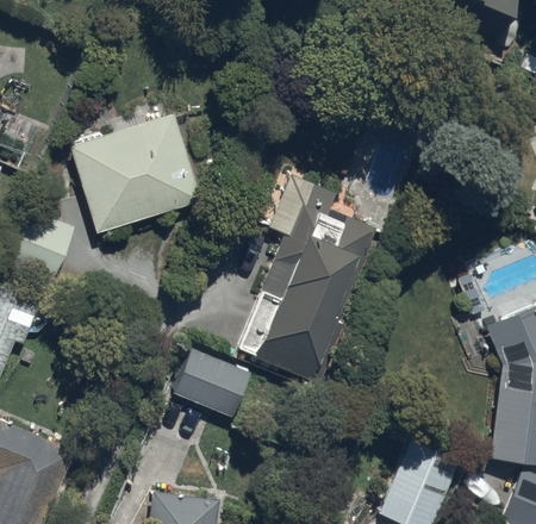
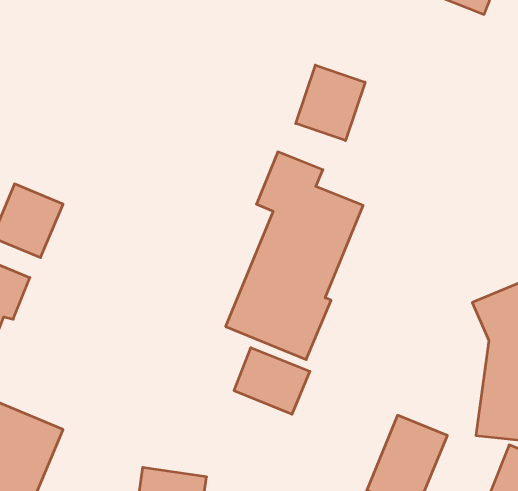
building: none -> [296,65,365,141]
building: [71,113,200,231] -> none
building: [175,349,251,416] -> [234,348,310,414]

